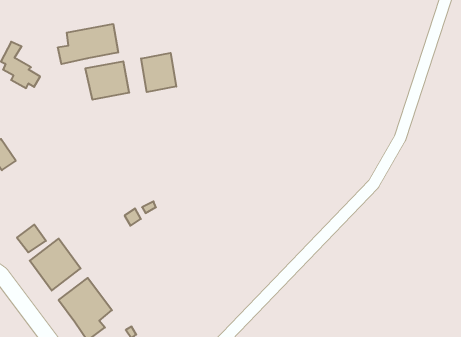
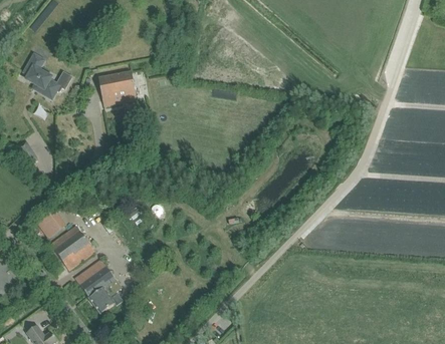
building: [58,24,118,64] -> none
building: [141,53,176,92] -> none

